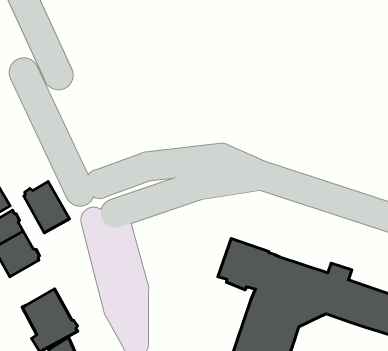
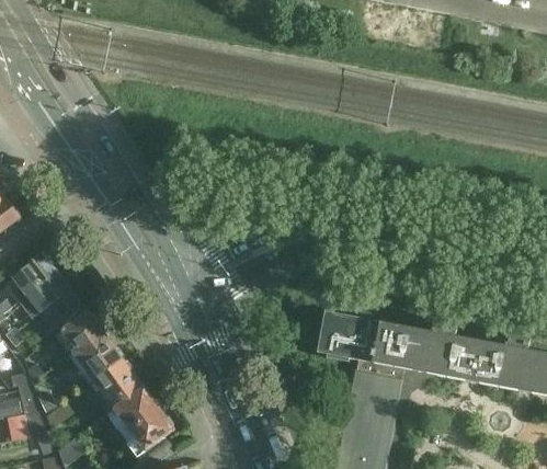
building: [24,182,69,233] -> none
building: none -> [93,357,143,408]

